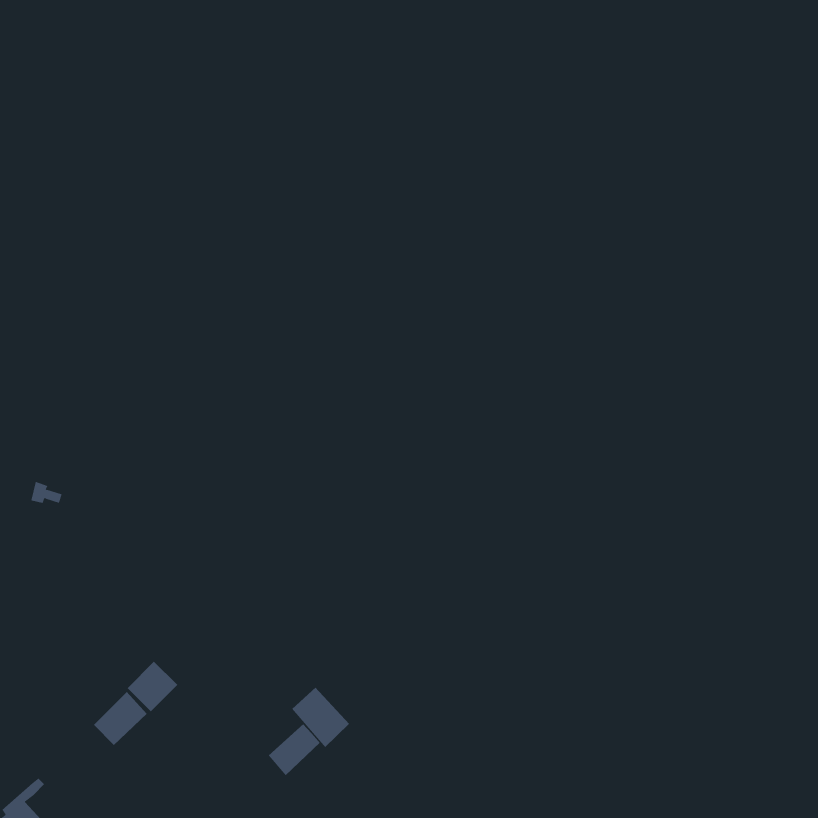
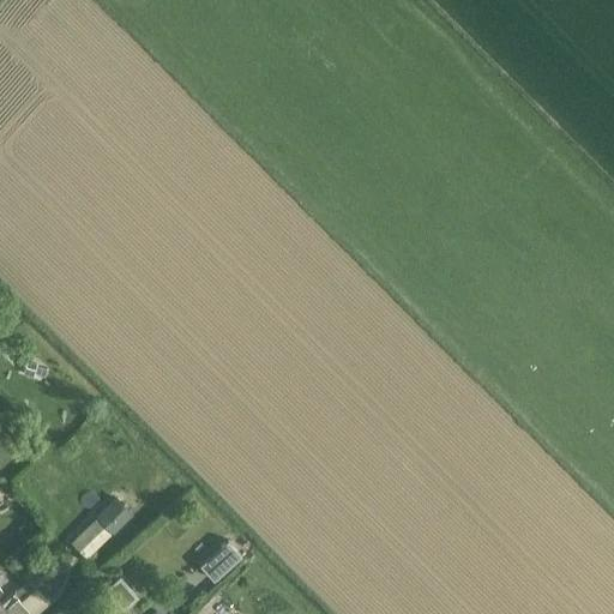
building: [291,687,350,748] -> none

